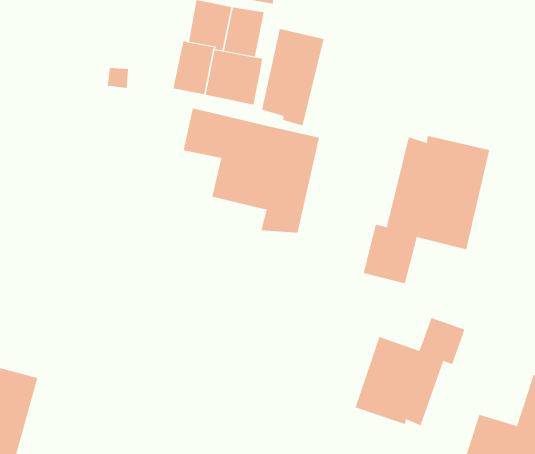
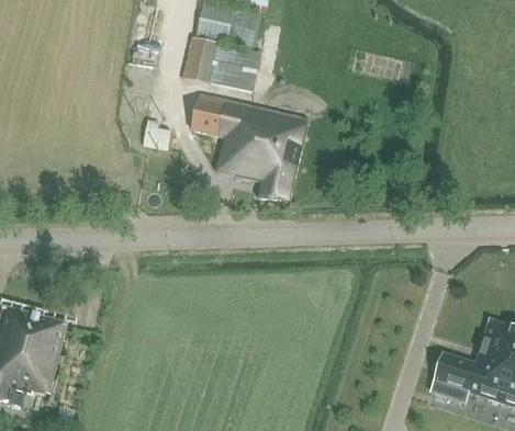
building: [261,28,324,126] -> none
building: [363,135,490,284] -> none
building: [355,317,465,426] -> none

